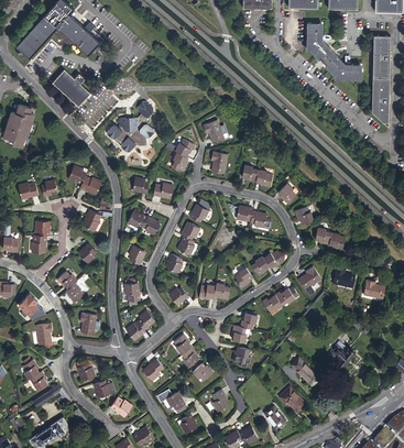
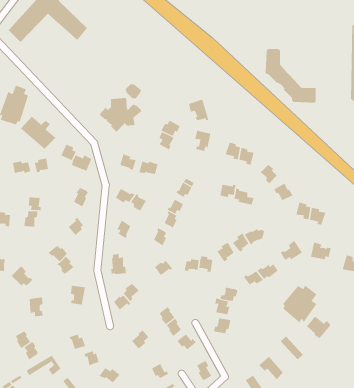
building: [307,28,361,85] -> [265,48,316,103]
building: [52,70,89,106] -> [20,116,56,150]
building: none -> [282,285,317,323]

